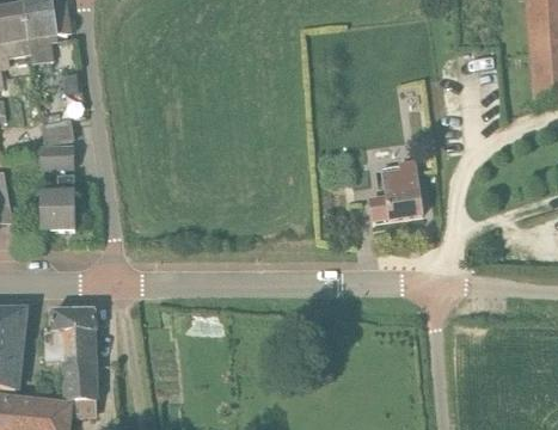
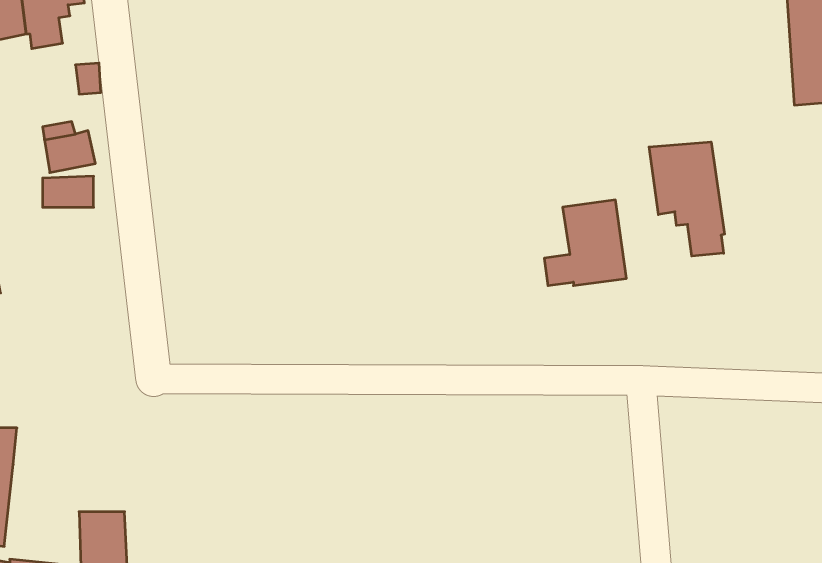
building: none -> [649,142,725,256]
building: [41,176,75,228] -> none
building: [47,309,96,366] -> none

